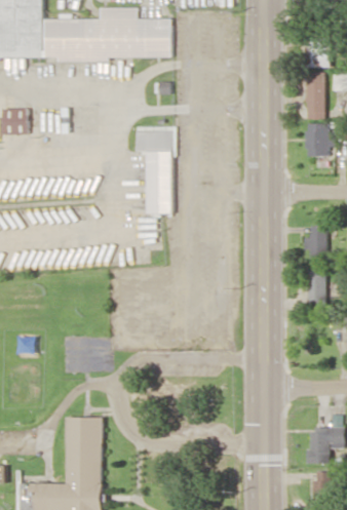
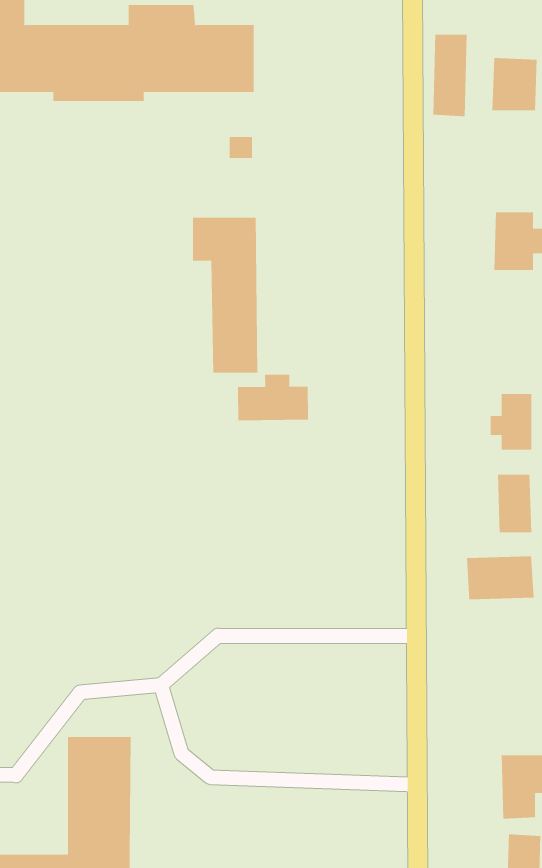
building: [304,74,323,120] -> [432,34,467,117]
building: none -> [237,374,308,421]
building: none -> [466,556,534,600]

